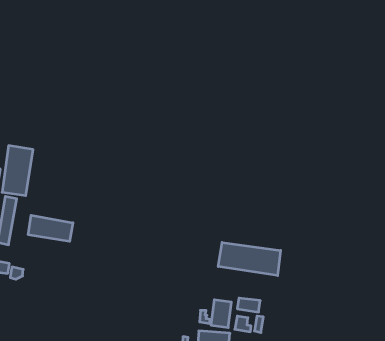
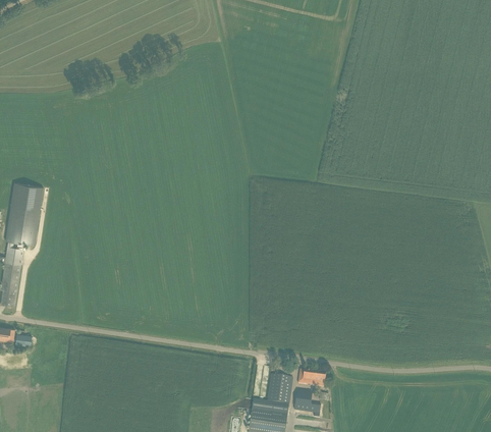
building: [28,215,73,241] -> none
building: [218,242,281,276] -> none

